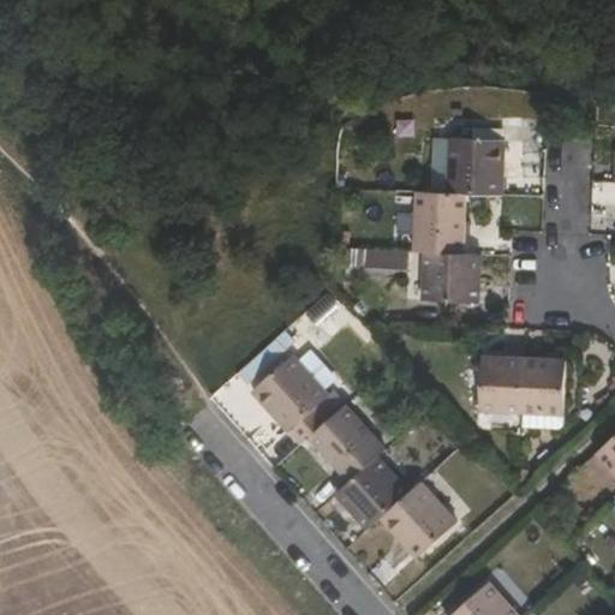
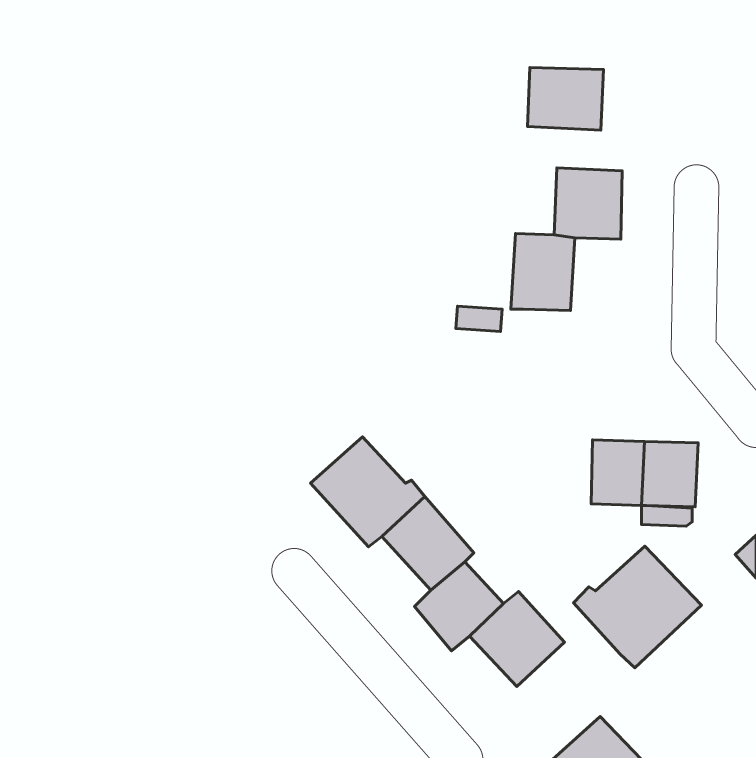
building: none -> [527,68,604,130]
building: [420,251,480,301] -> none
building: none -> [573,546,701,668]

